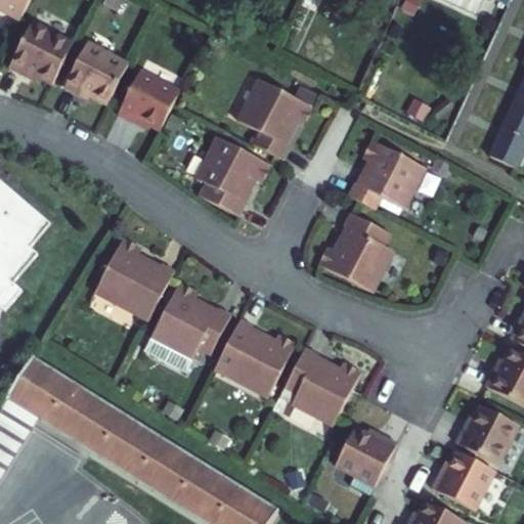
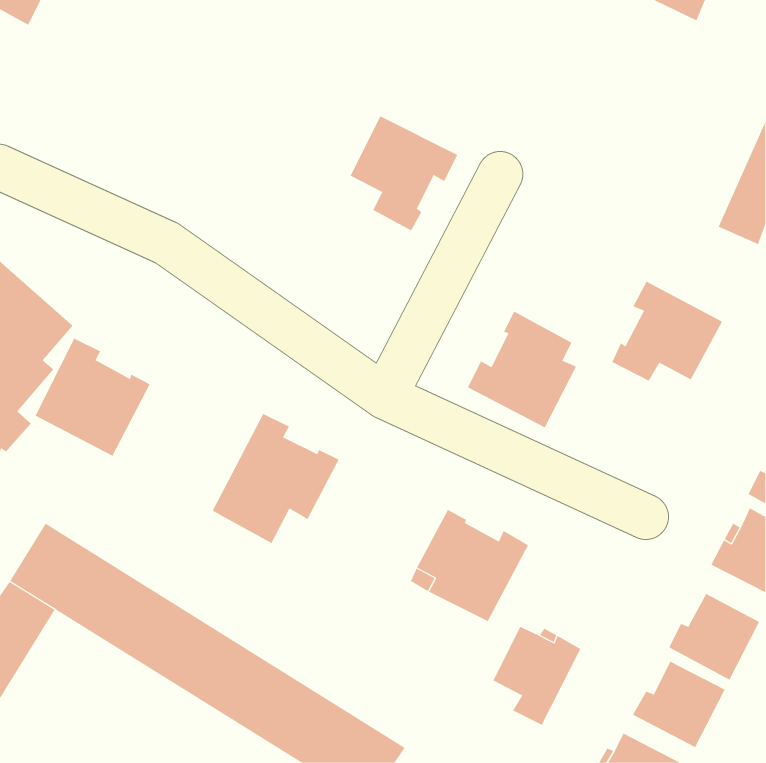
building: [8,20,73,82] -> none
building: [63,41,128,102] -> none
building: [118,71,179,128] -> none
building: [195,136,270,216] -> none
building: [348,139,424,208] -> [612,281,723,382]
building: [95,237,174,318] -> [35,338,150,456]
building: [215,318,296,395] -> none

